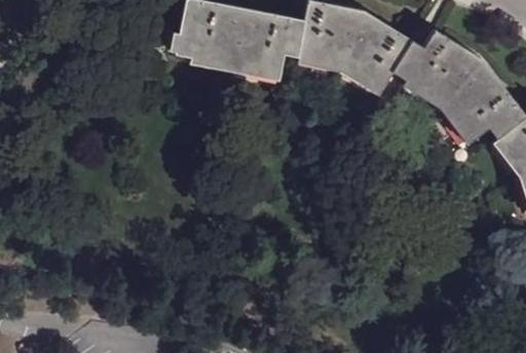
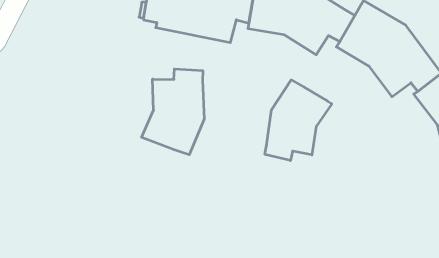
building: none -> [142,69,204,155]
building: none -> [265,80,332,161]

